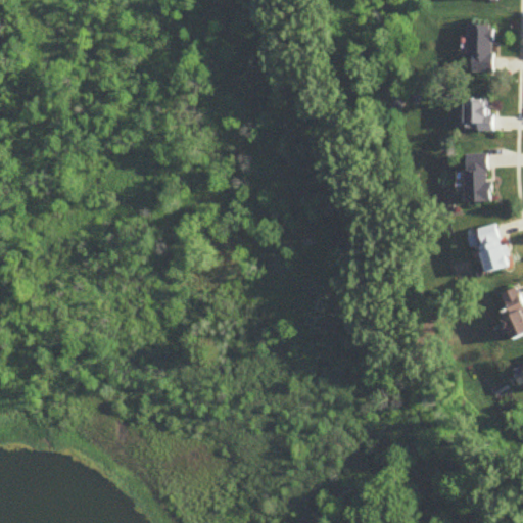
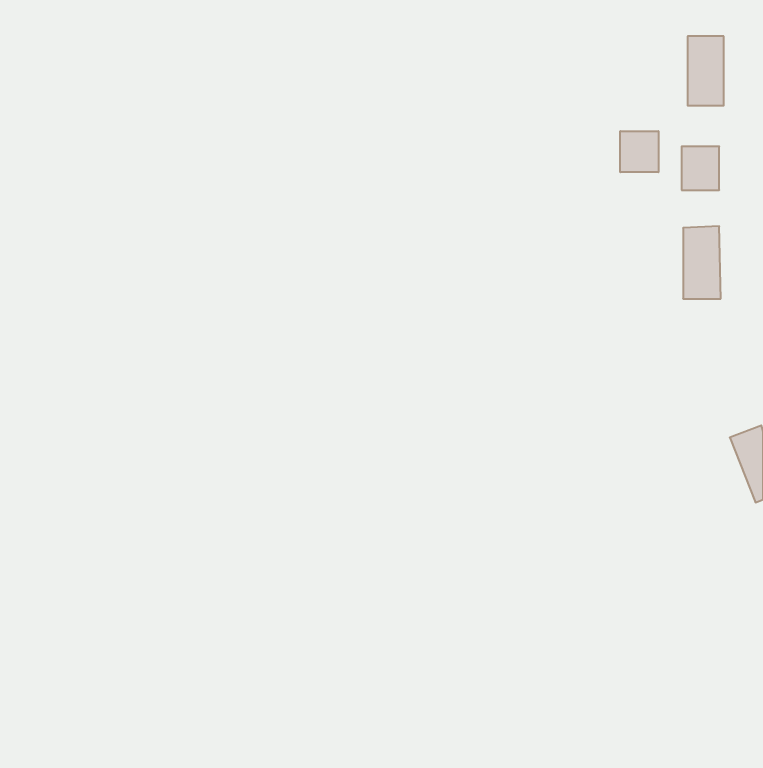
building: none -> [620,131,658,172]
building: [475,225,508,273] -> none

